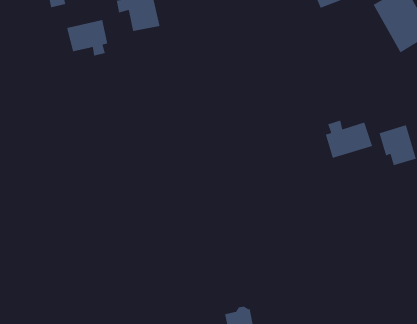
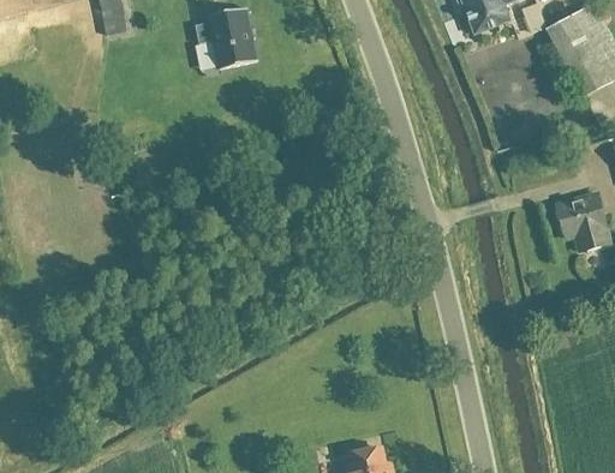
building: [66,19,108,57] -> none
building: [325,120,373,159] -> none

